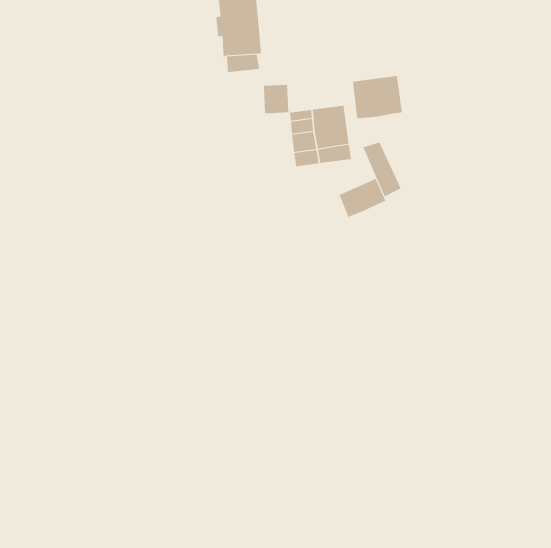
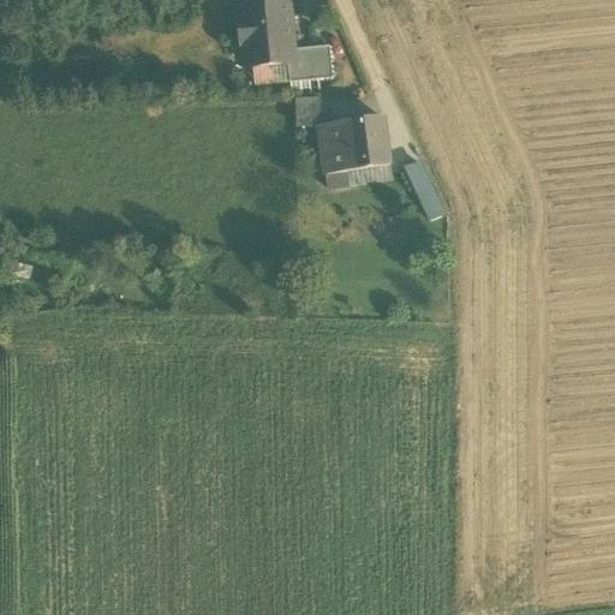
building: none -> [286,42,332,86]
building: [353,75,403,119] -> none
building: [339,178,386,218] -> none

